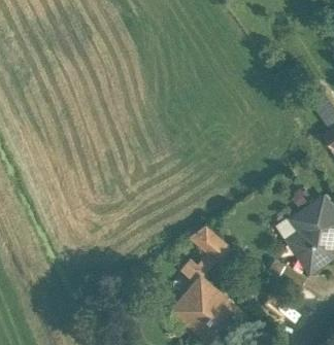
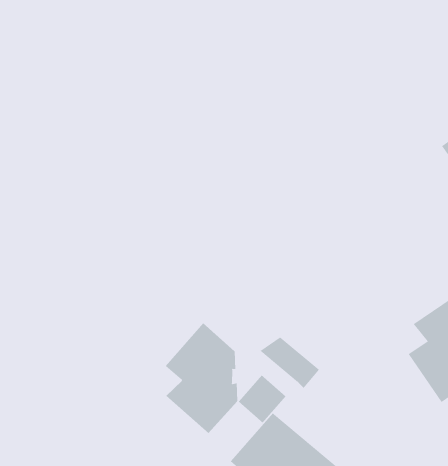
building: none -> [165,322,238,434]

